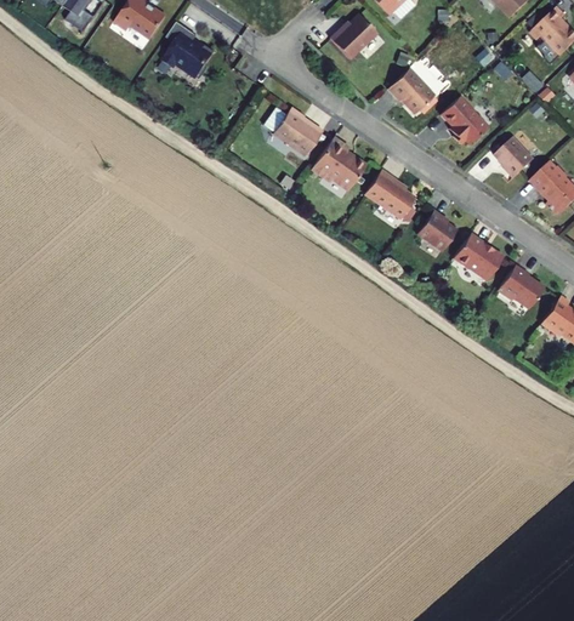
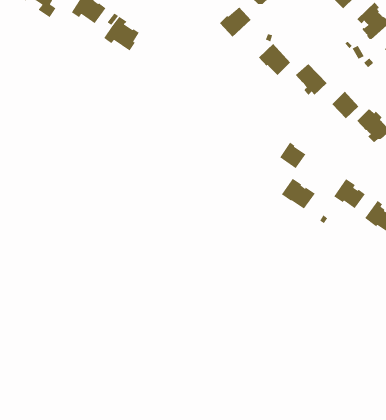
building: [263,107,323,155] -> none
building: [311,136,366,189] -> none
building: [364,169,415,218] -> none
building: [453,233,504,279] -> [281,178,316,209]

